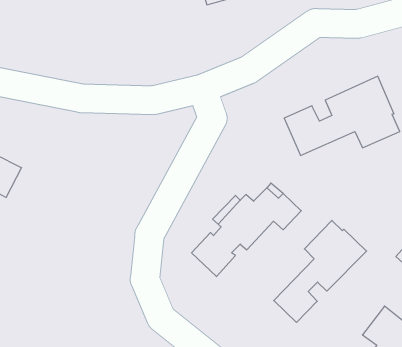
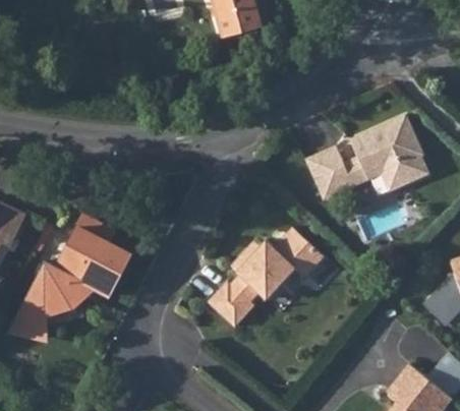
building: none -> [11,212,129,334]
building: [274,220,367,322] -> none

